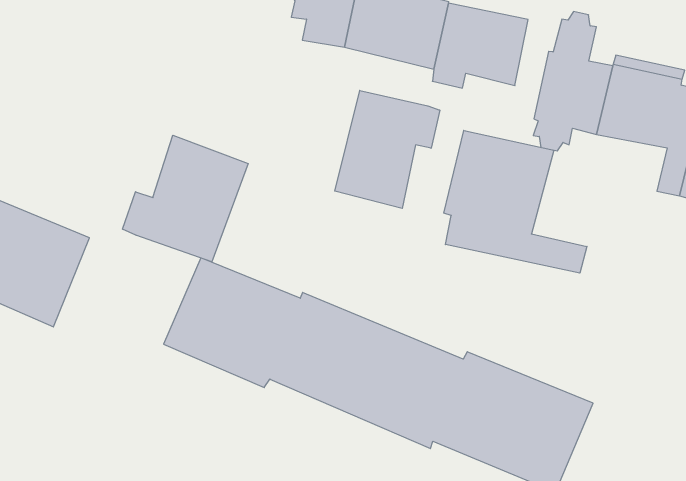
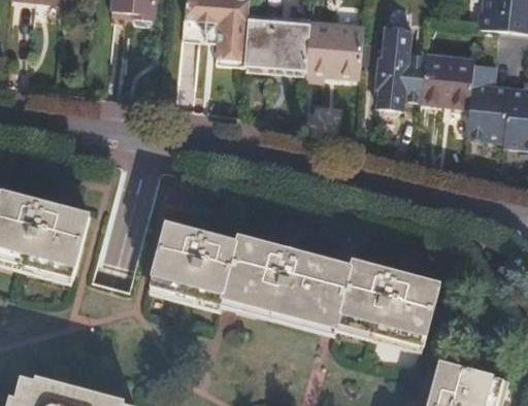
building: [335,90,440,208] -> none
building: [444,130,587,273] -> none
building: [123,135,248,262] -> none

